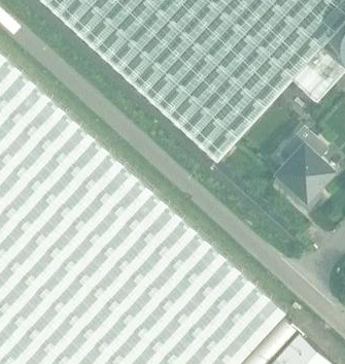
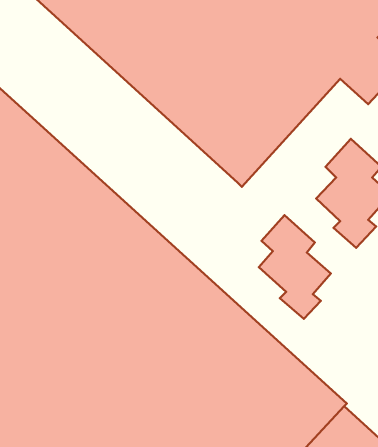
building: none -> [259,215,331,319]

